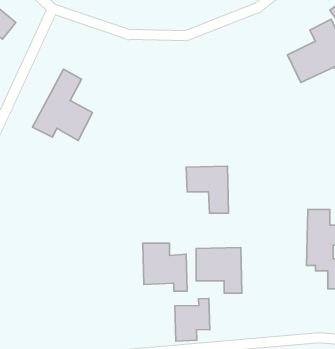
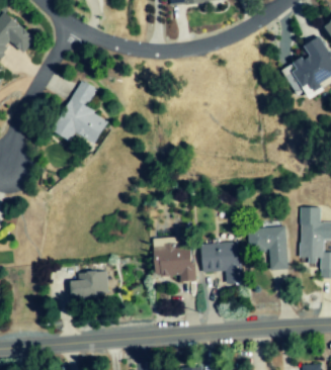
building: [186,166,229,213] -> [249,226,287,269]
building: none -> [68,267,110,298]
building: [175,298,210,341] -> none

